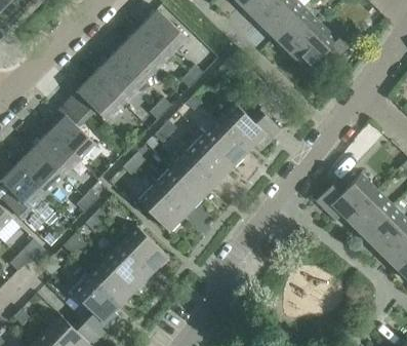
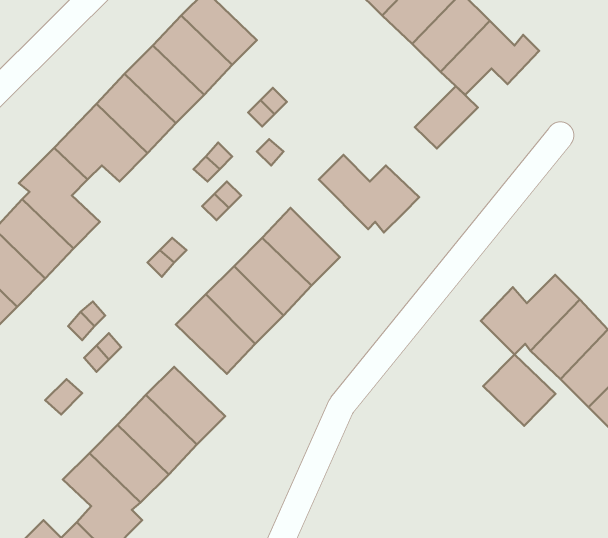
building: none -> [415,86,478,148]
building: [205,118,250,163] -> none
building: none -> [483,354,555,426]

